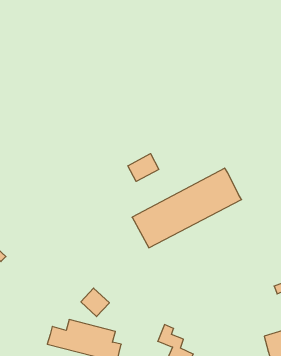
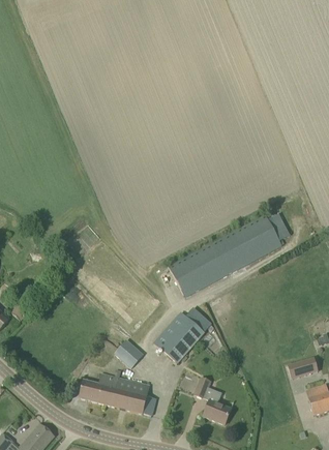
building: [128,154,159,181] -> none
building: none -> [153,306,212,363]
building: none -> [288,356,319,379]

